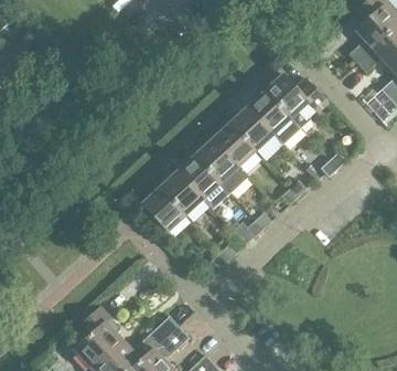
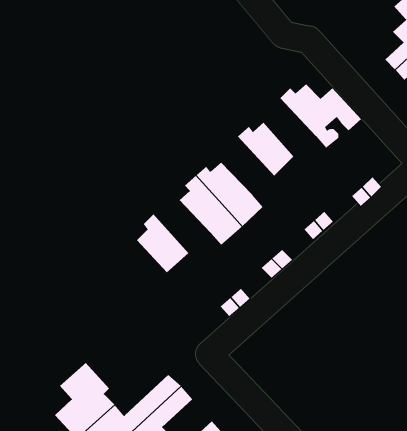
building: [248,87,300,146] -> none
building: [213,119,257,168] -> none
building: [157,172,204,216] -> none

